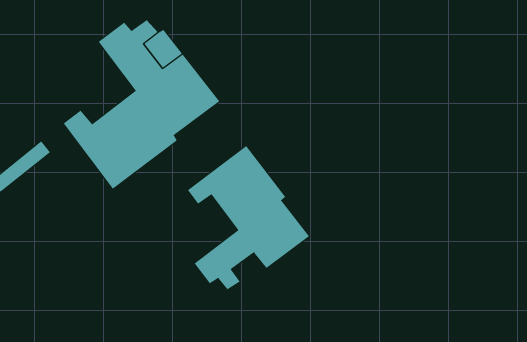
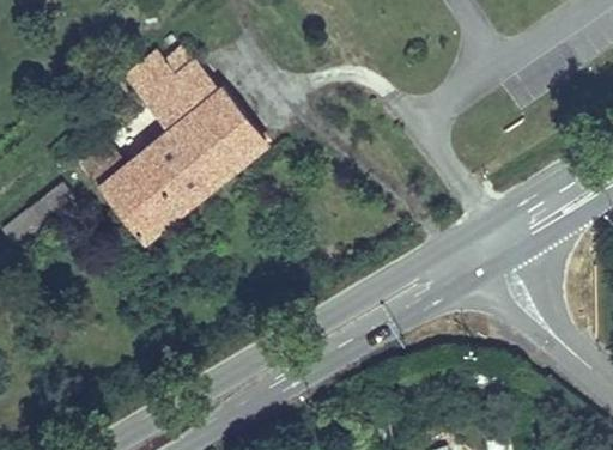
building: [187,145,310,290] -> none

